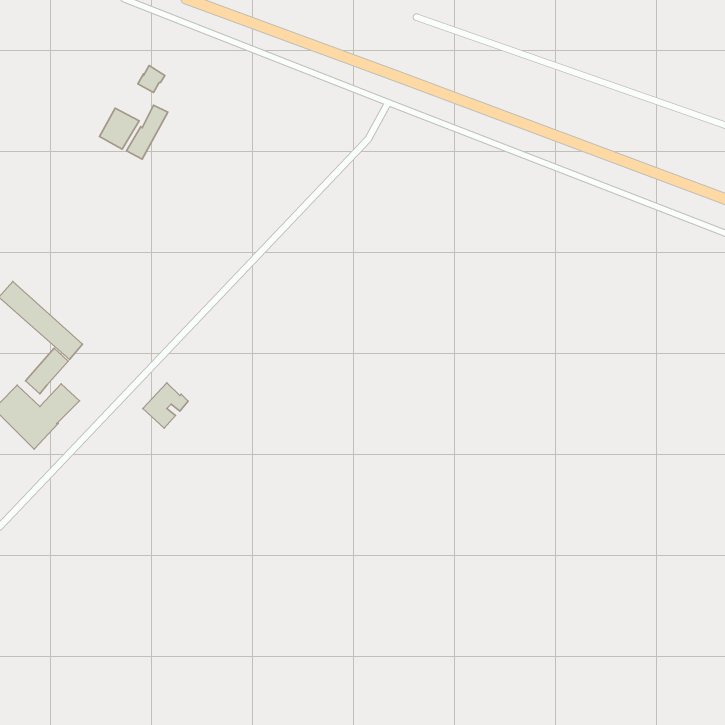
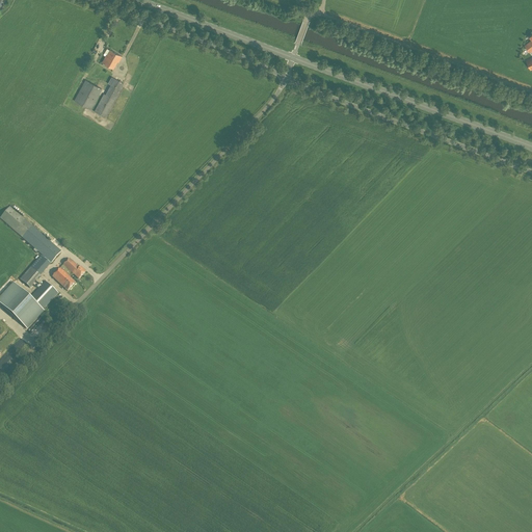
building: [143,383,188,428] -> [51,258,84,291]

